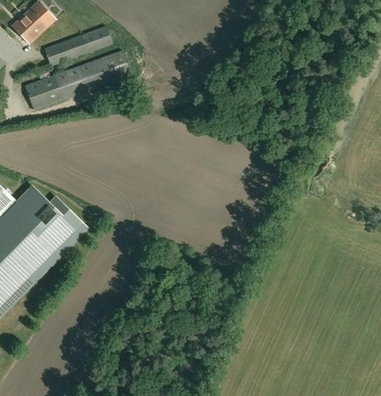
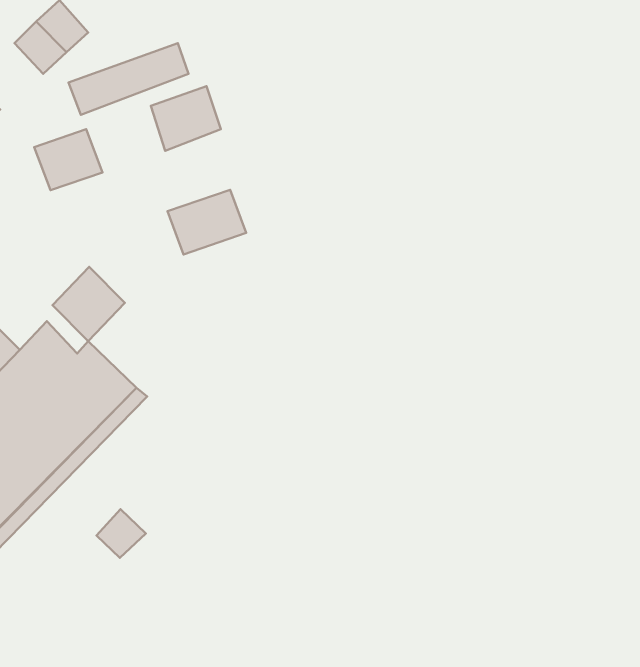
building: [52,63,97,100] -> [167,190,246,254]
building: none -> [52,267,125,341]
building: none -> [96,509,146,558]

